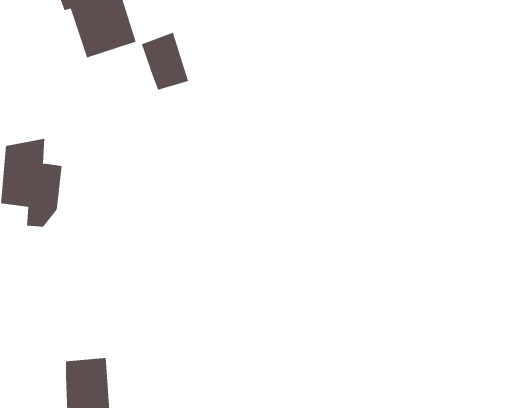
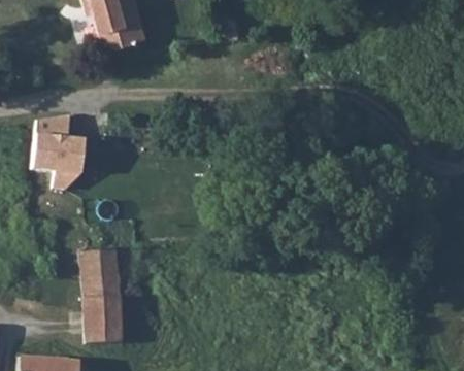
building: [141,32,189,90] -> none
building: none -> [84,251,120,302]

